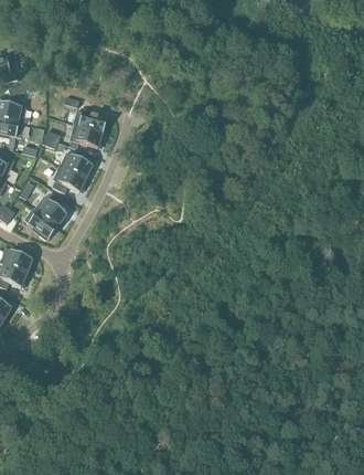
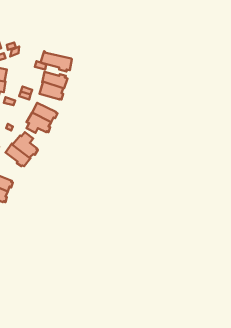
building: none -> [41,51,72,71]

